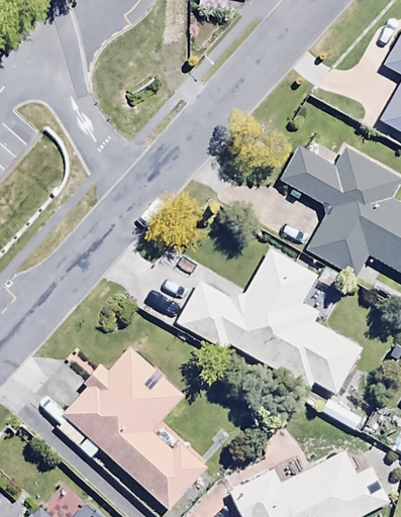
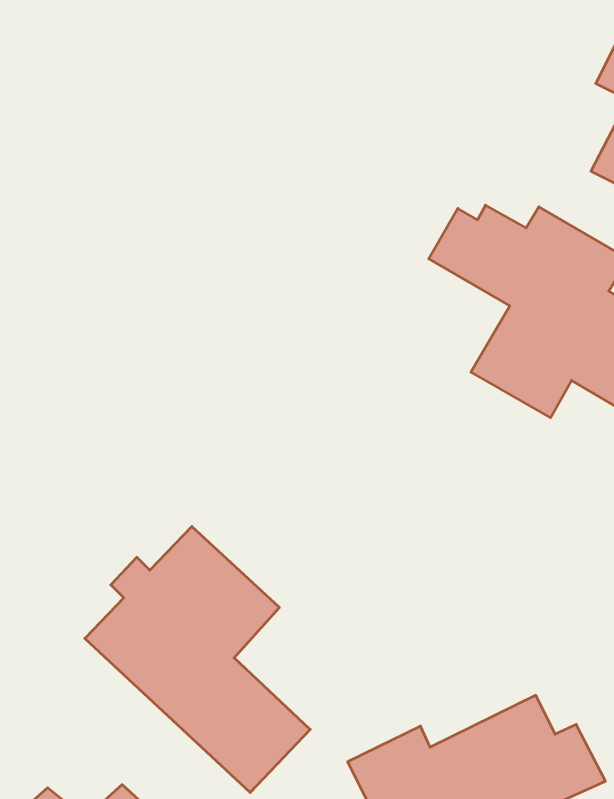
building: [175,250,368,402] -> none

